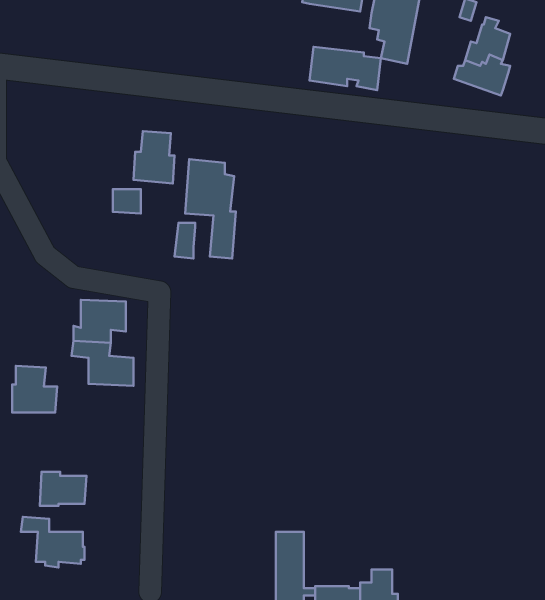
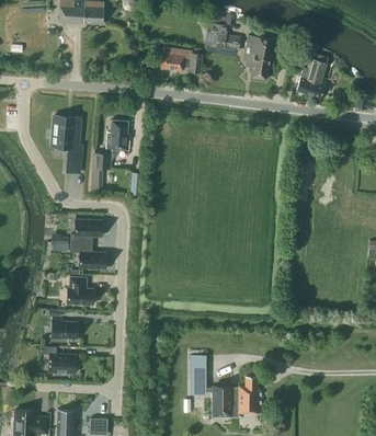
building: [310,47,381,90] -> [160,47,202,72]
building: [185,159,236,258] -> [52,114,81,172]
building: [12,366,57,413] -> [67,276,93,303]

